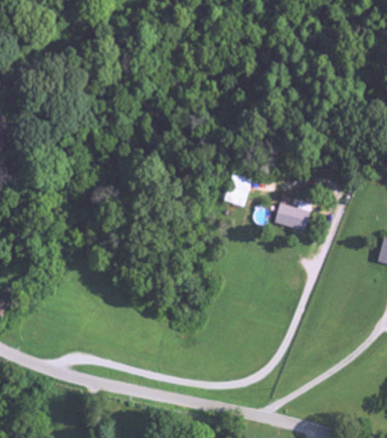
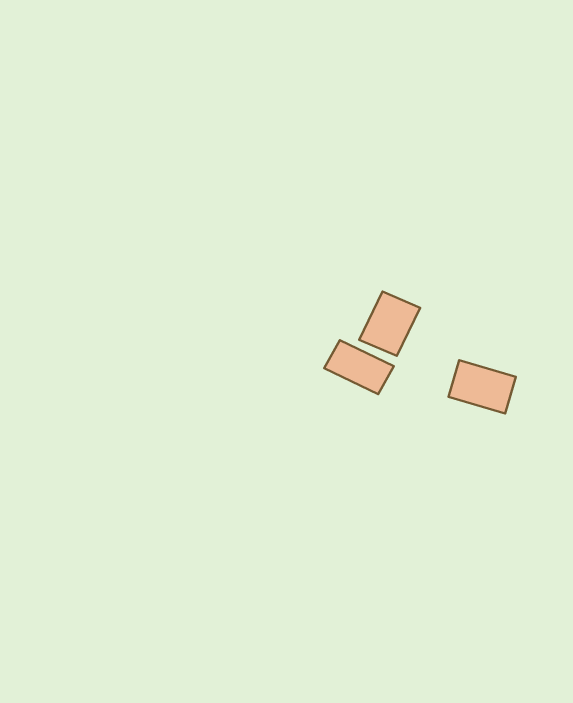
building: none -> [324,340,394,394]

